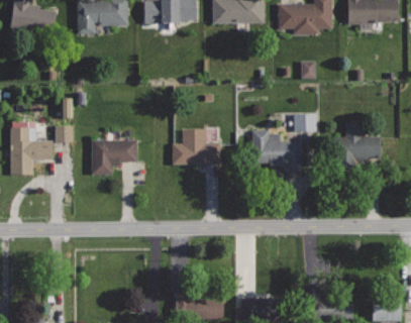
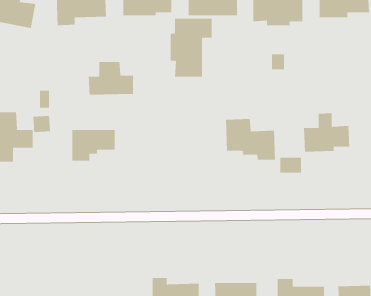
building: none -> [170,18,213,78]
building: [291,114,314,131] -> [279,157,302,174]
building: [172,128,219,164] -> [88,61,134,95]

